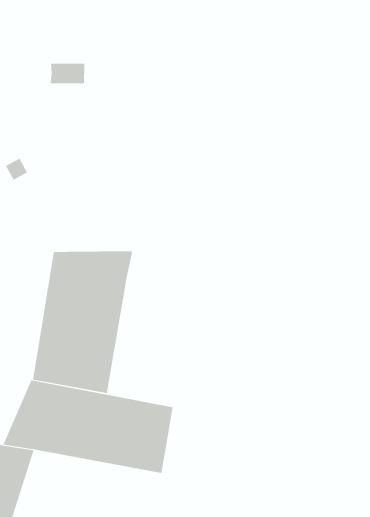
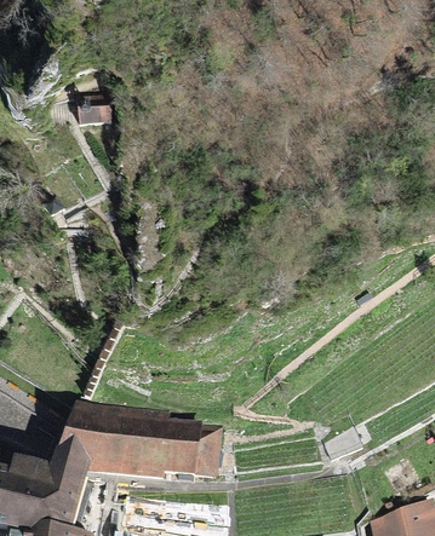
building: [33,251,133,394] -> none

